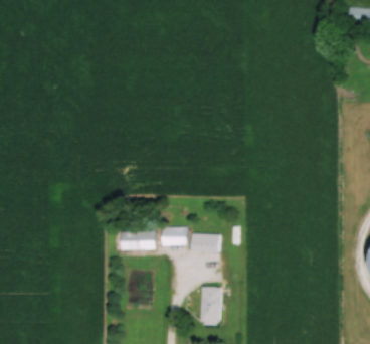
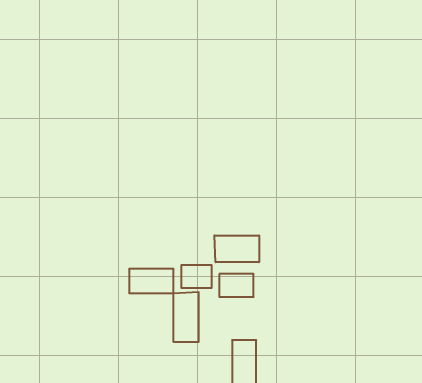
building: none -> [214,235,259,262]
building: none -> [174,292,199,342]

